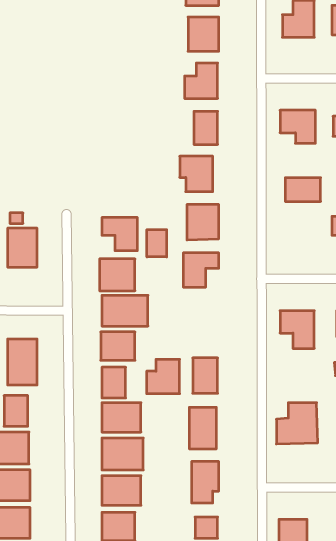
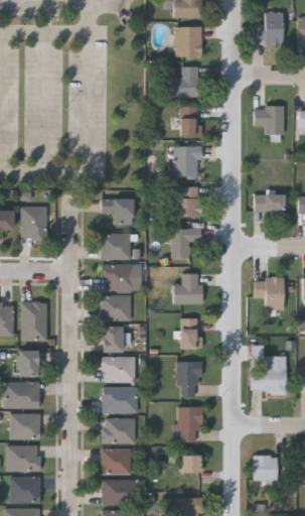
building: [285,178,321,201] -> [254,194,284,214]
building: [147,230,167,257] -> none
building: [147,359,180,394] -> [173,273,201,302]

